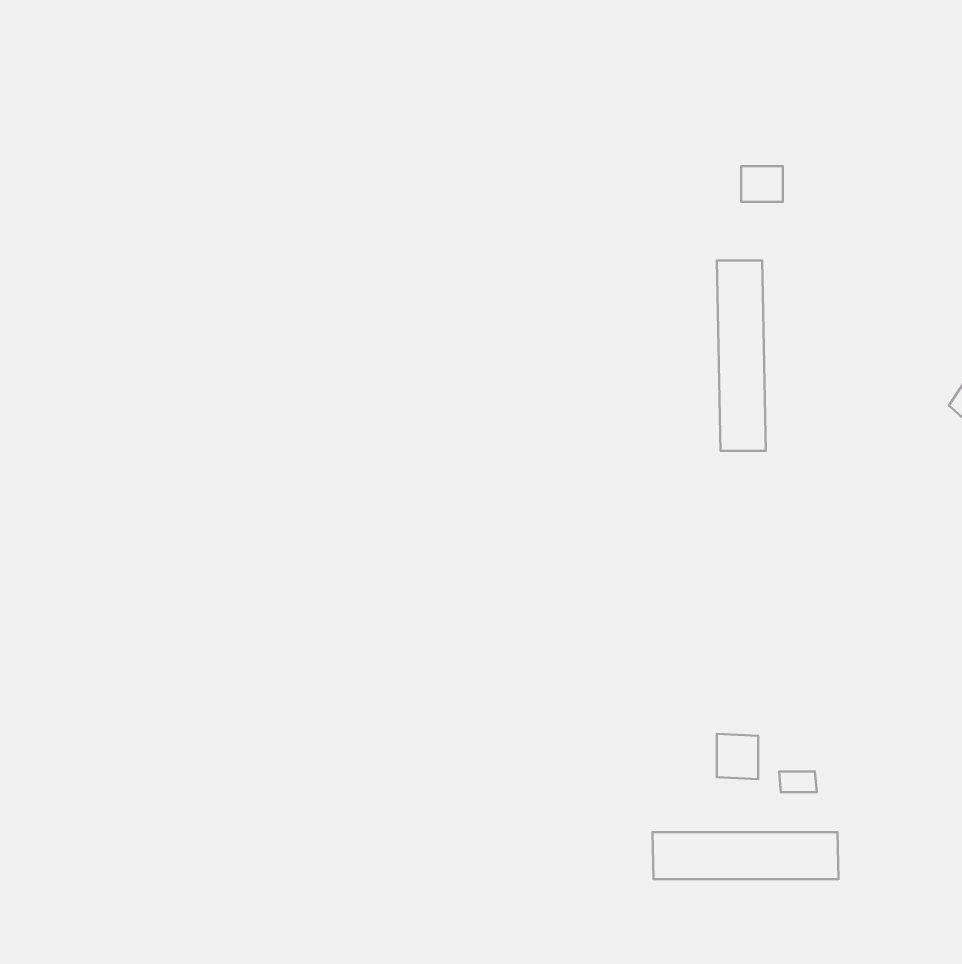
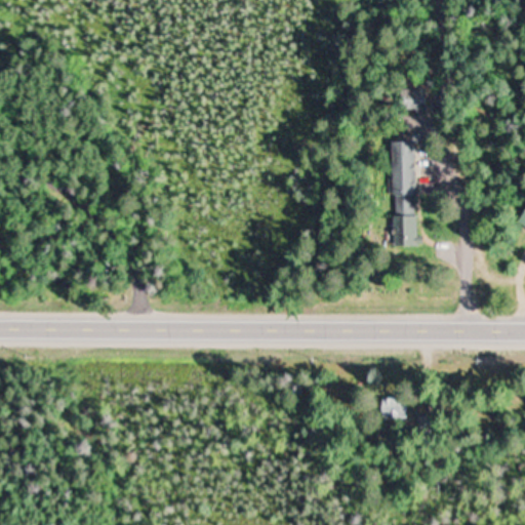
building: [653,832,838,879] -> none

